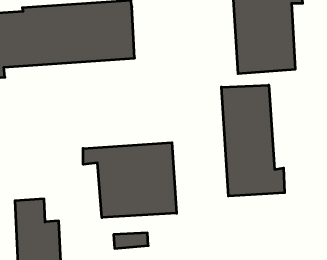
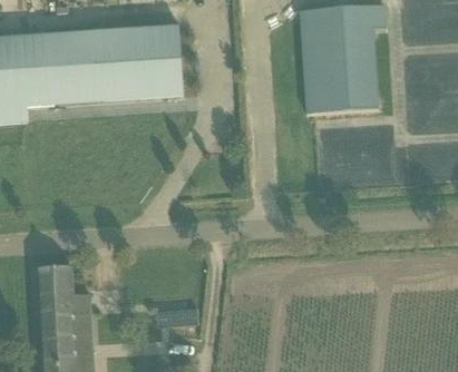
building: [221,85,285,196] -> none
building: [83,143,177,218] -> none

